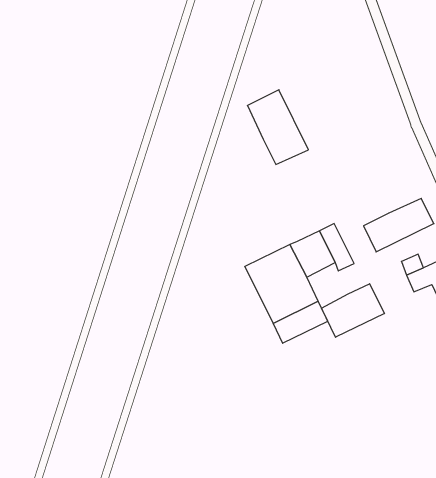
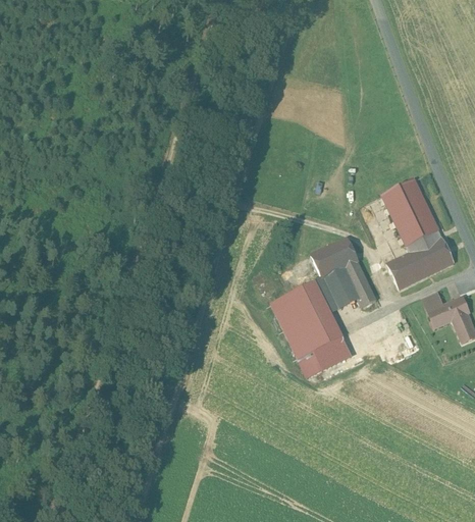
building: [247,90,308,164] -> [382,178,441,251]
building: none -> [310,238,358,278]
building: [322,284,384,337] -> none

